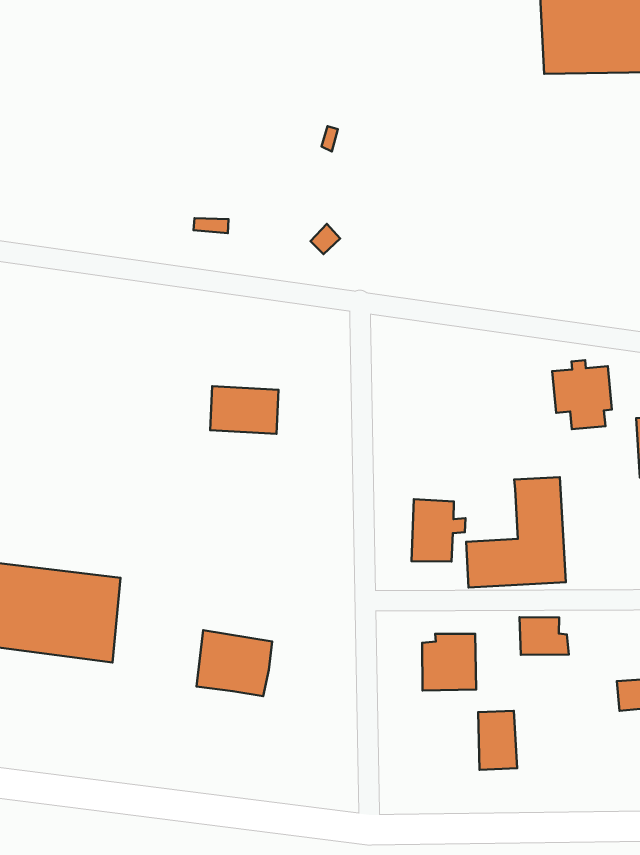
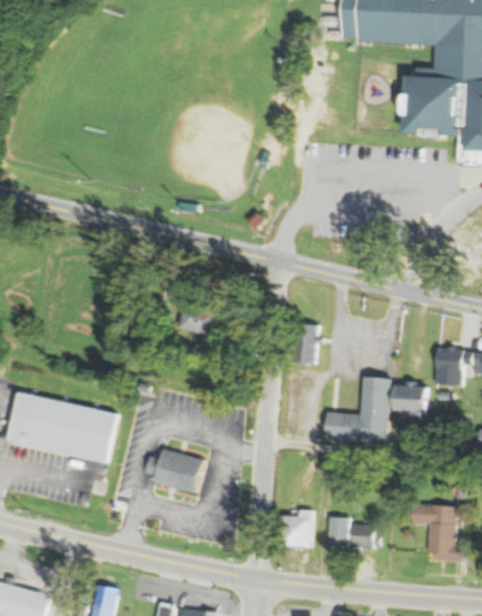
building: [552,360,612,429] -> [392,379,426,420]
building: [412,499,465,561] -> [287,321,322,361]
building: [519,617,569,655] -> [349,522,377,547]
building: [422,634,476,691] -> [278,509,313,545]

